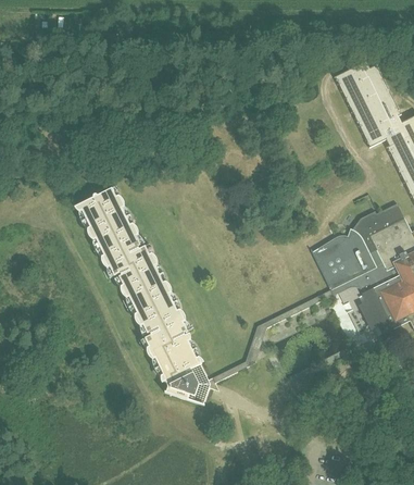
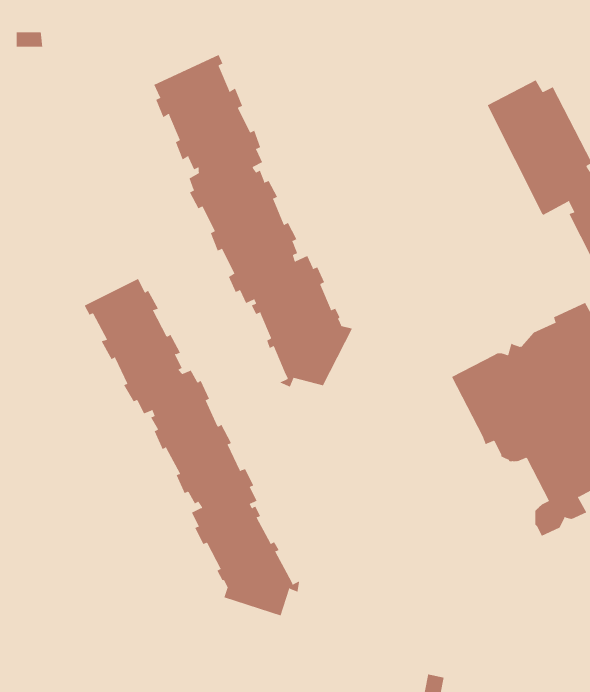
building: none -> [154,54,353,387]

